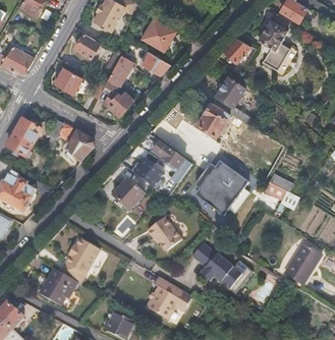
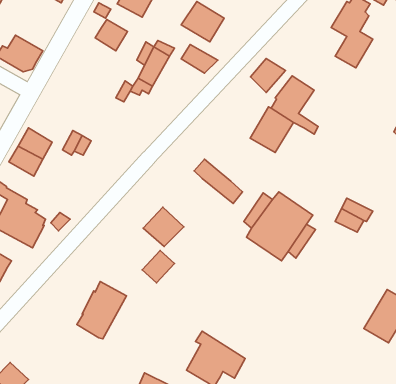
building: [225,37,253,63] -> [250,59,286,93]
building: [56,66,83,92] -> none
building: [105,92,134,116] -> none
building: [67,130,95,160] -> none
building: [133,156,169,189] -> none
building: [147,218,180,251] -> none
building: [191,244,242,290] -> none
building: [41,268,78,303] -> none

